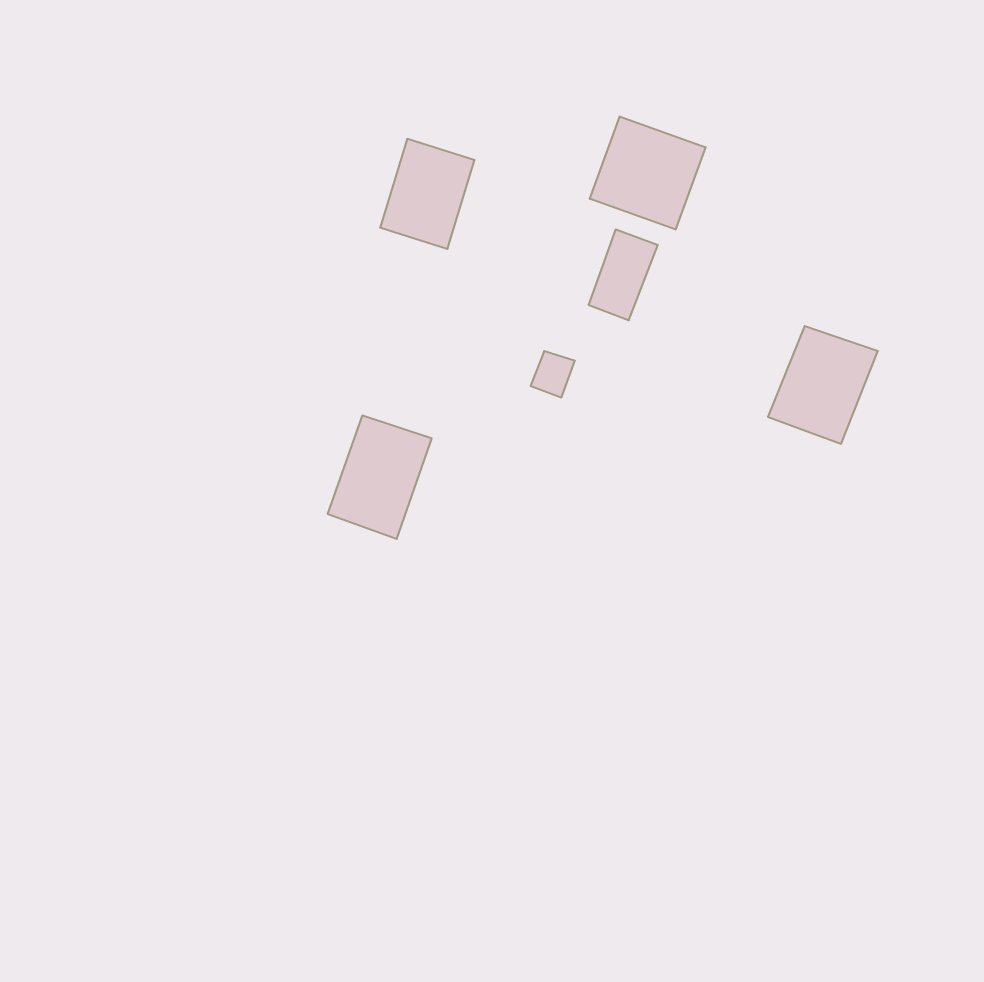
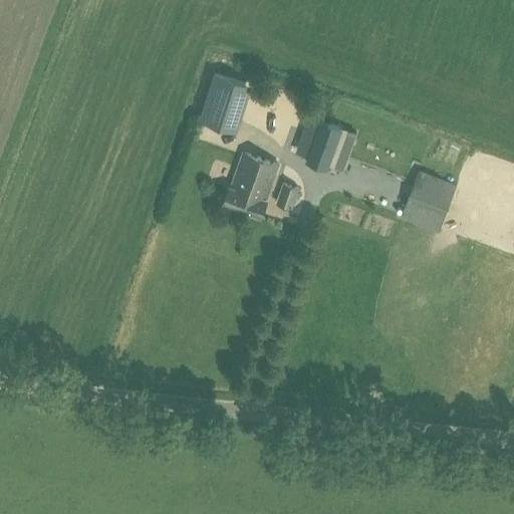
building: [590,116,706,230] -> none
building: [328,416,432,539] -> [226,154,280,218]

